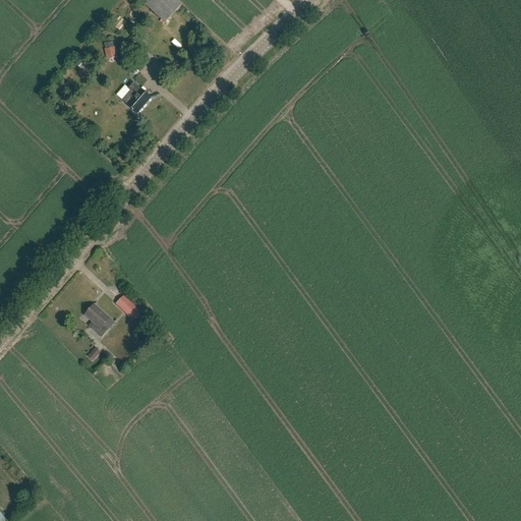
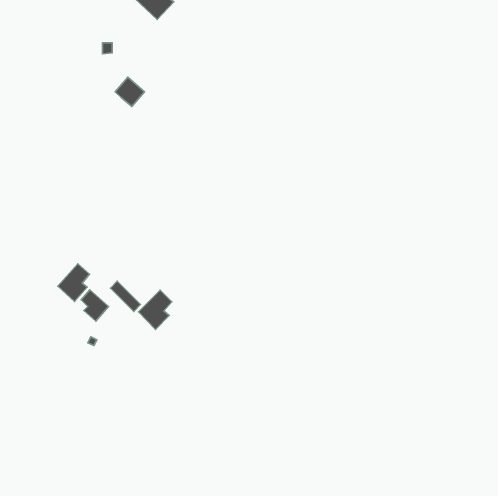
building: none -> [58,264,89,302]
building: none -> [138,290,172,329]

